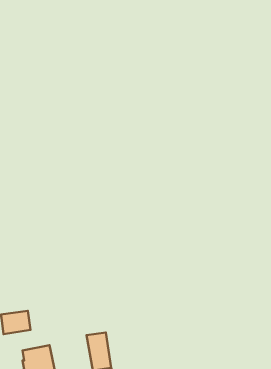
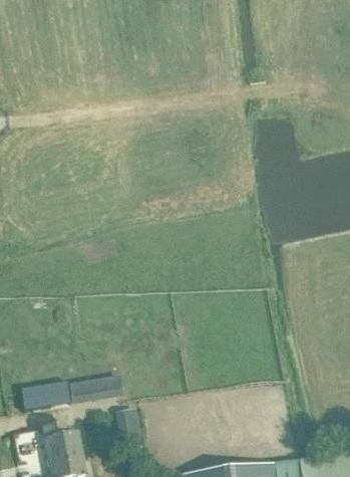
building: none -> [68,377,122,405]

